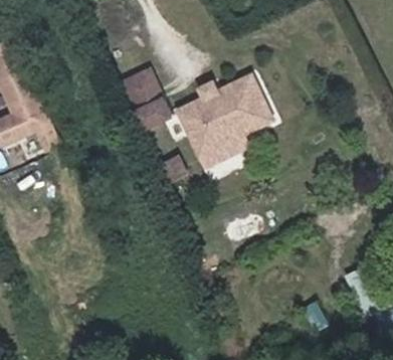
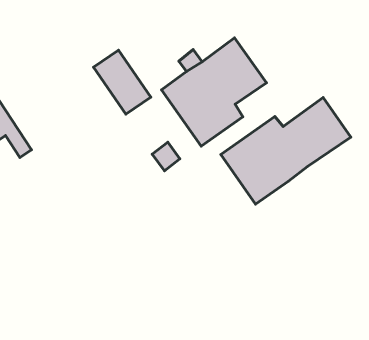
building: none -> [221,98,351,204]

